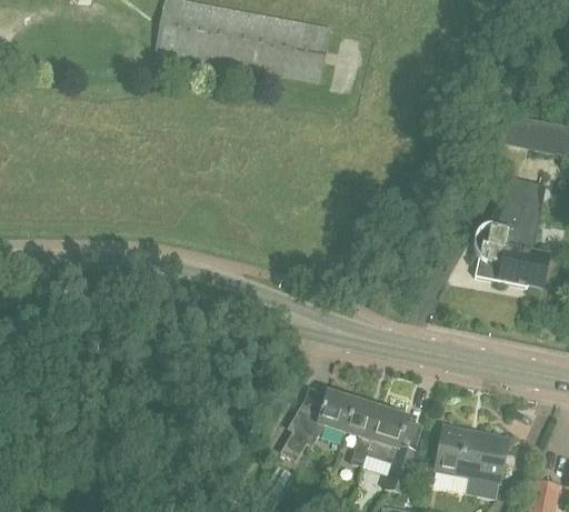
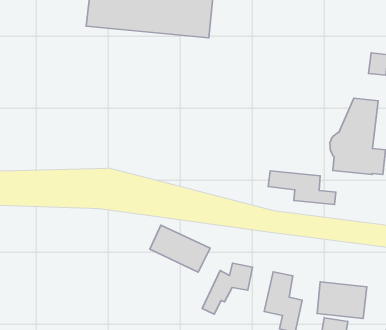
building: none -> [268,171,336,205]
building: none -> [150,225,210,272]
building: [346,399,382,464] -> none

